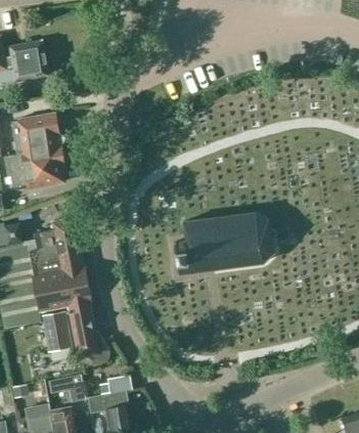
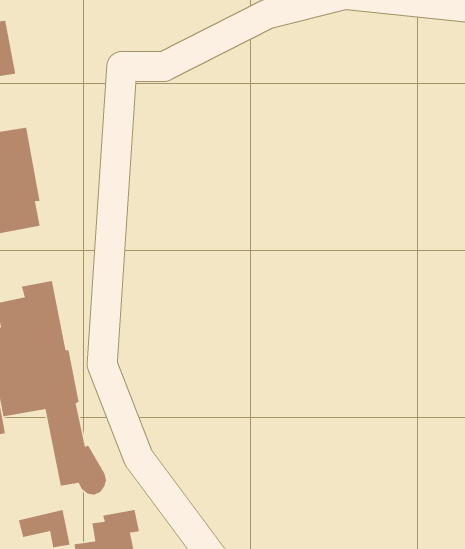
building: [174,212,273,273] -> none
building: [44,311,72,351] -> none

